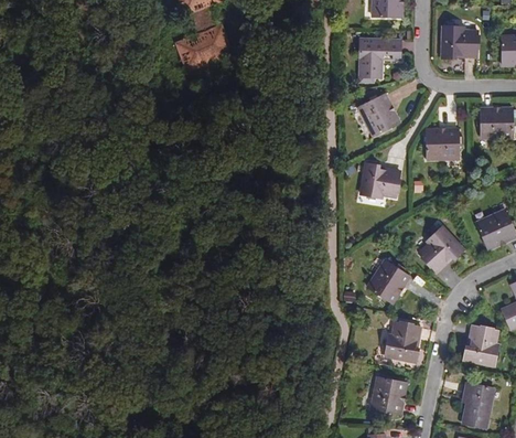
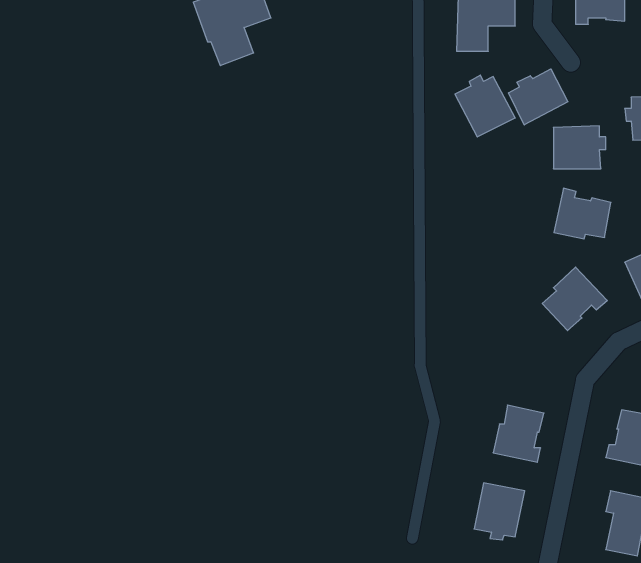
building: none -> [509,69,568,125]
building: [361,162,400,197] -> [554,188,611,239]
building: [367,259,410,303] -> none

